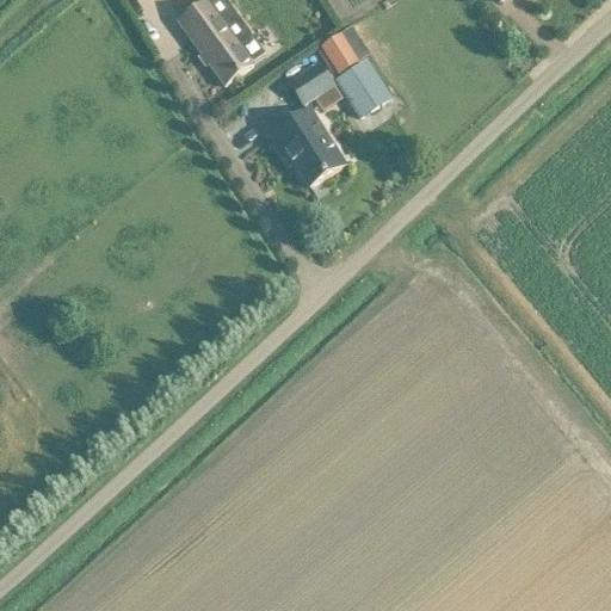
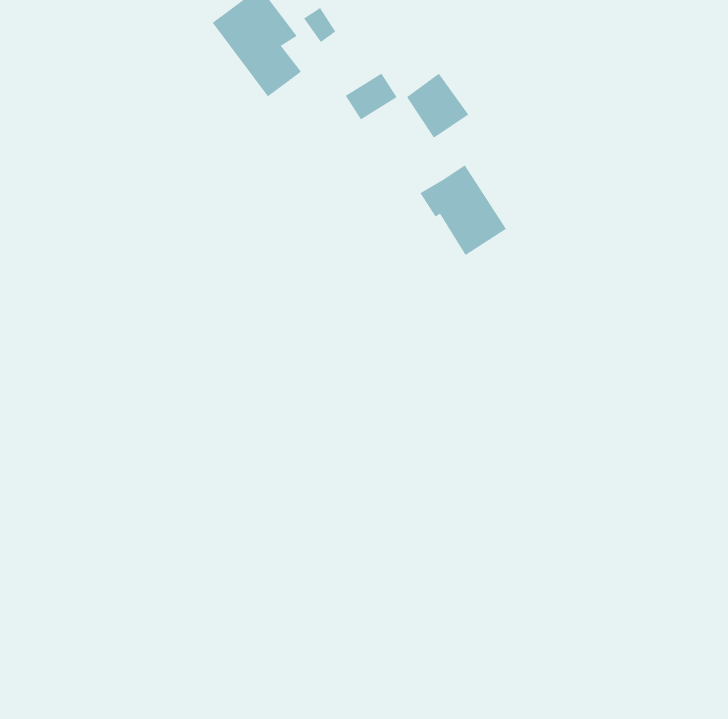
building: [319,29,358,72] -> none
building: [270,107,342,184] -> [420,164,507,256]

